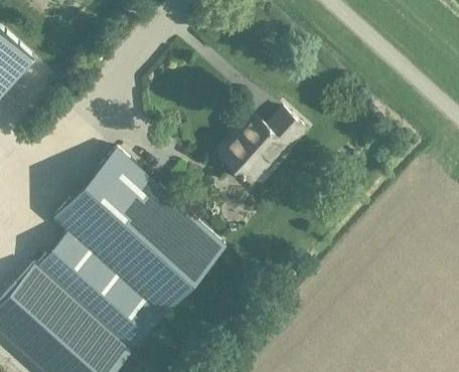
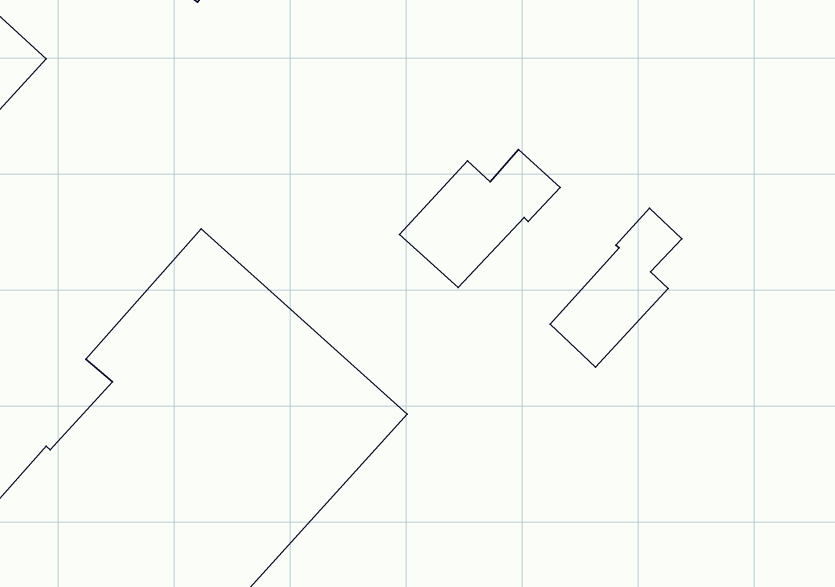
building: none -> [550,208,682,367]

